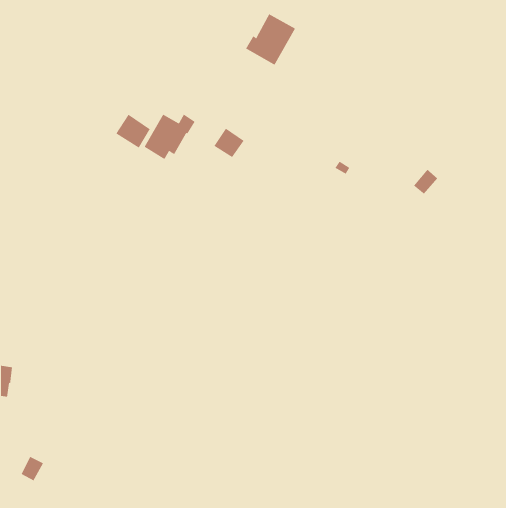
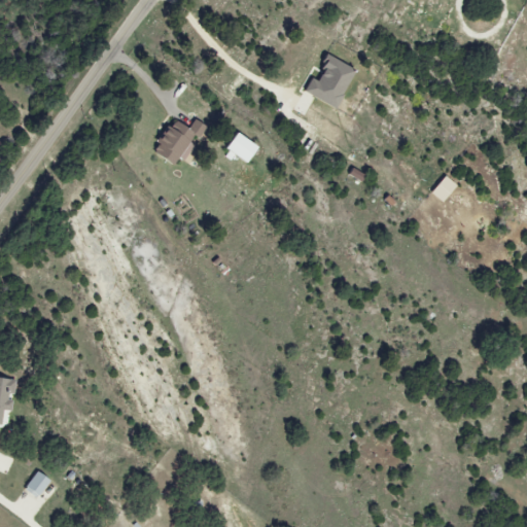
building: [245,14,296,66] -> [304,54,356,107]
building: [116,114,151,148] -> none

